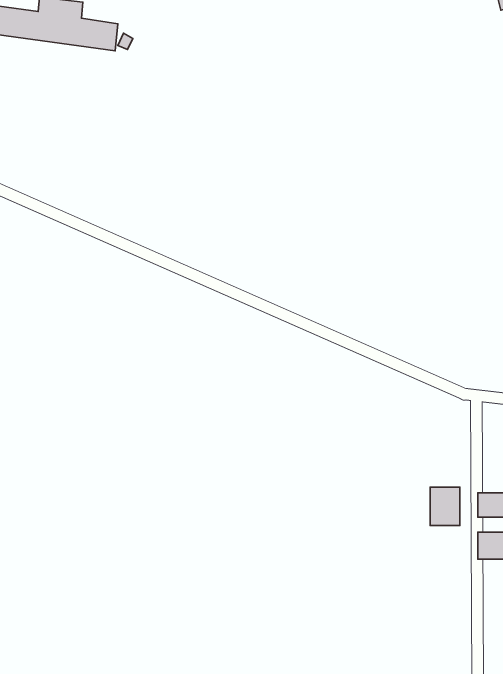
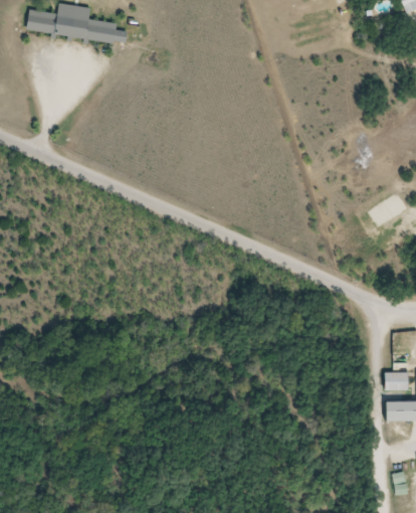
building: [430,487,460,525] -> none

